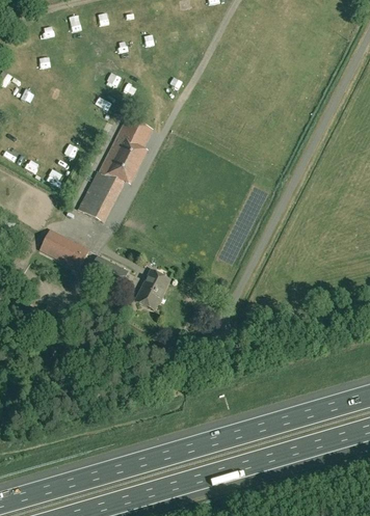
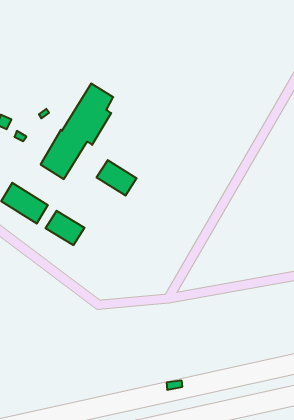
building: none -> [97,160,137,196]
building: [135,269,169,309] -> none

